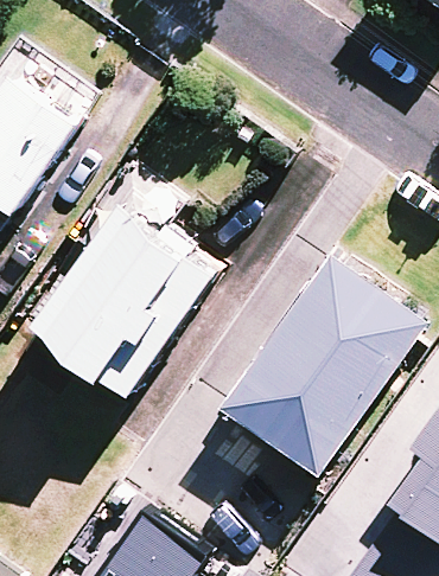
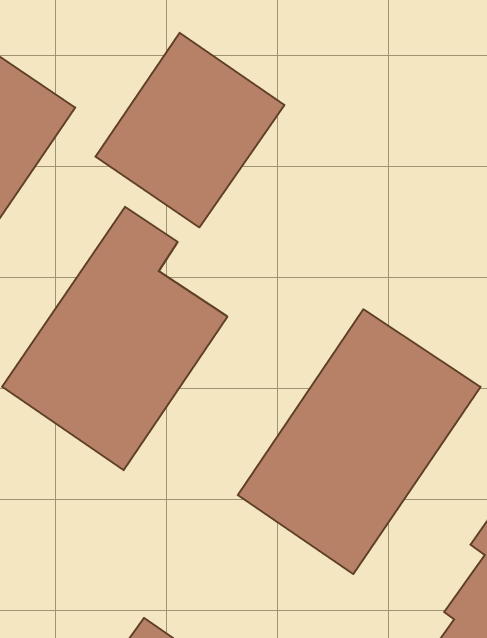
building: none -> [95,33,284,227]

